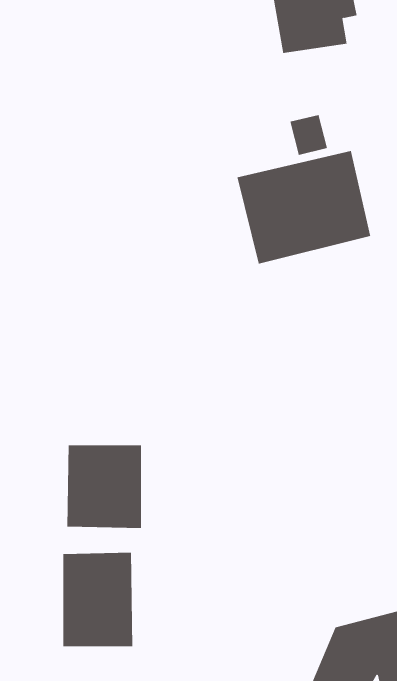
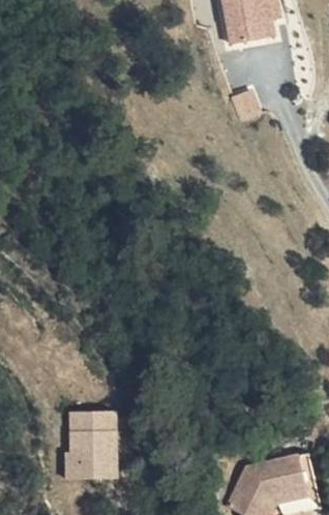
building: [237,150,371,265] -> none
building: [67,444,142,529] -> none

